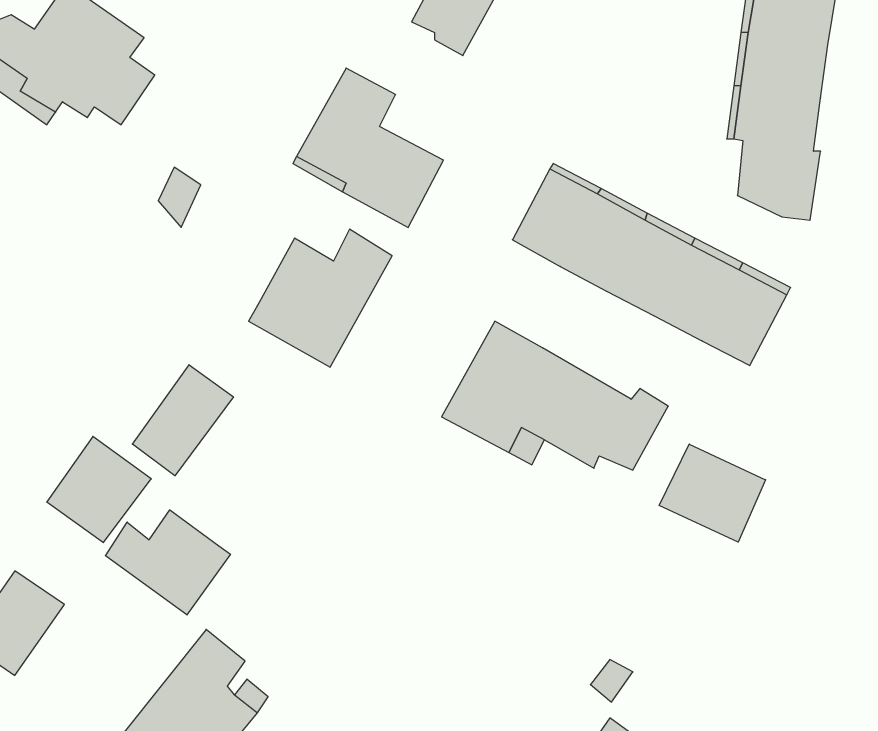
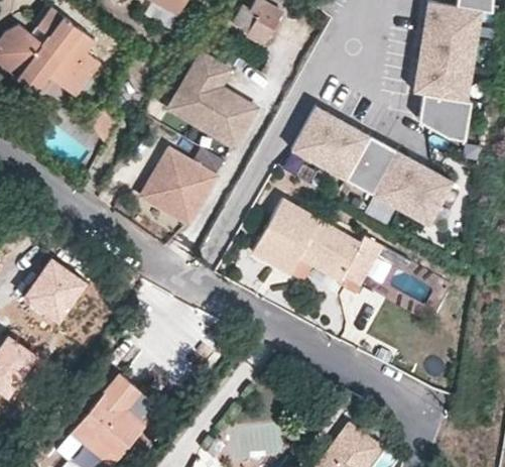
building: [132,365,233,476] -> none
building: [659,444,766,542] -> none
building: [105,510,230,615] -> none

